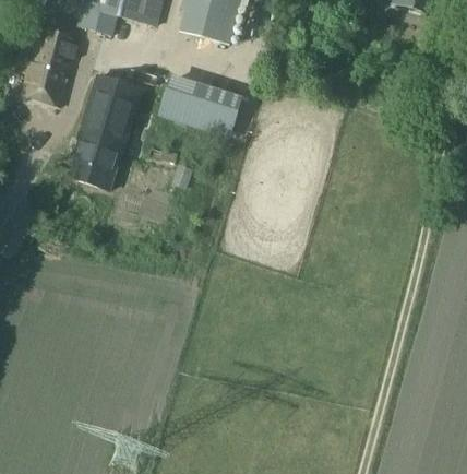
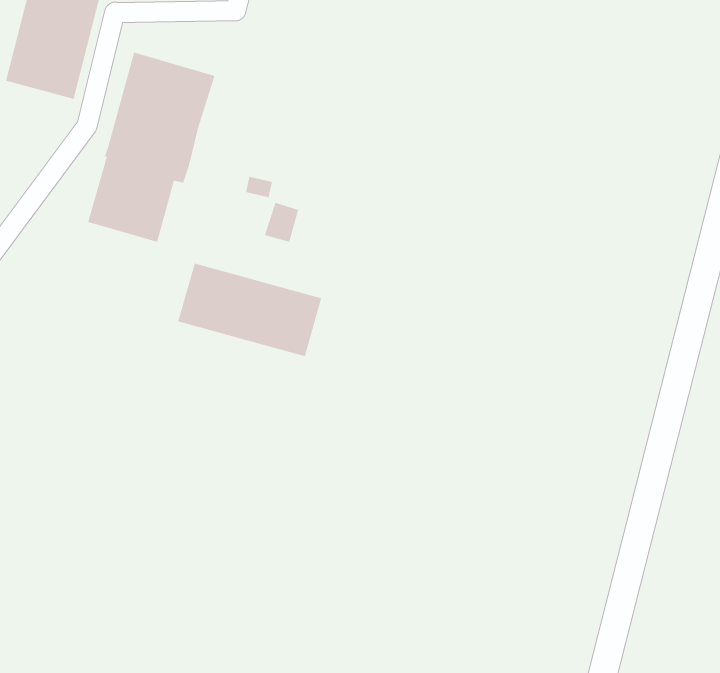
building: [153,79,238,134] -> [177,262,322,357]

